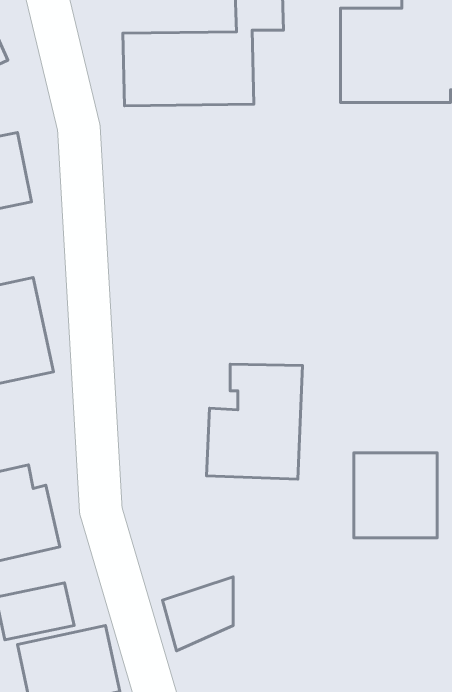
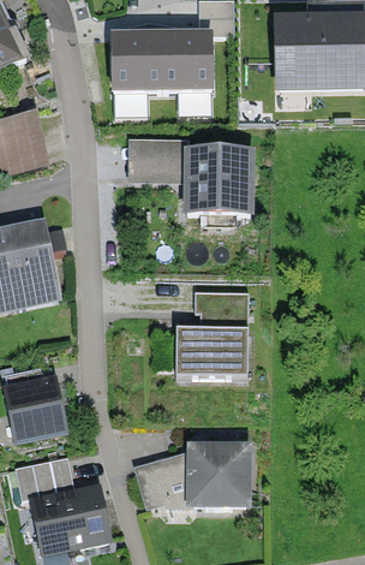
building: none -> [127,137,179,172]
building: none -> [186,149,247,210]
building: [354,453,437,538] -> [195,444,258,508]

